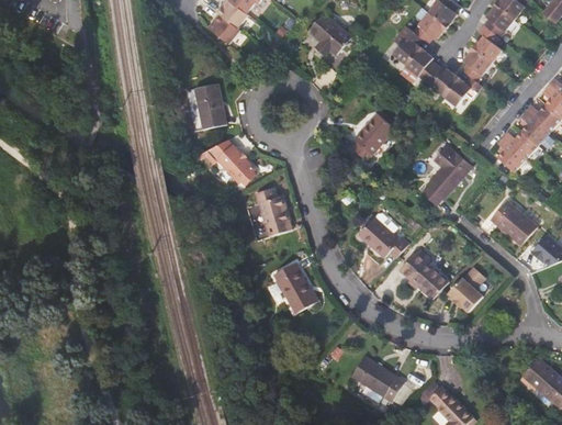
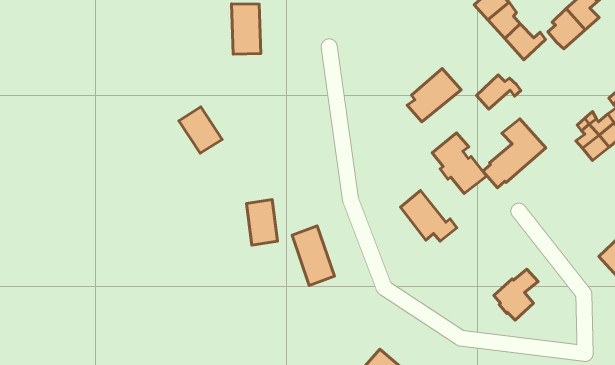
building: [443,76,480,105] -> [476,75,521,109]
building: [215,146,254,184] -> [179,107,222,153]
building: [258,193,289,234] -> [246,200,278,245]
building: [491,201,537,246] -> none
building: [401,249,449,299] -> [432,133,487,194]

